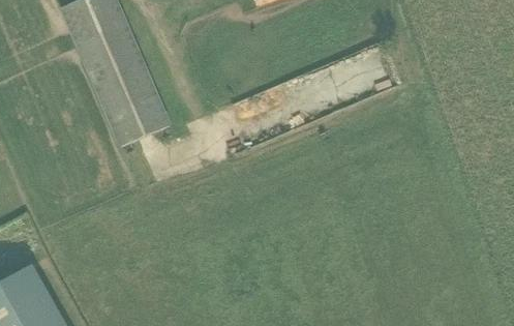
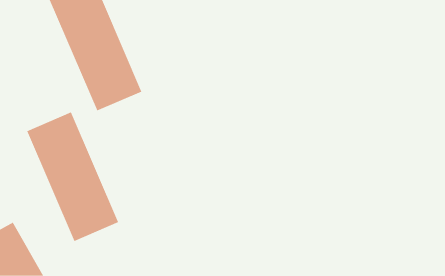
building: none -> [27,112,119,242]

